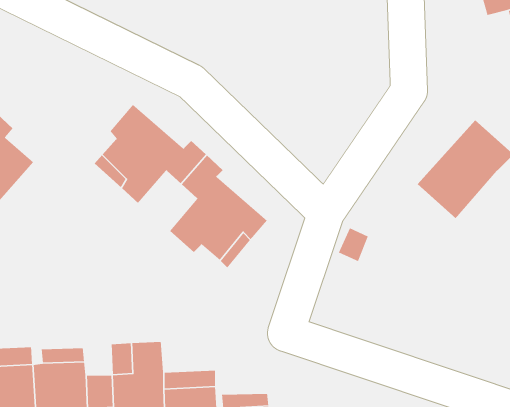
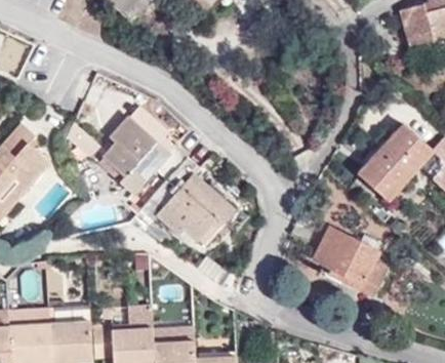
building: none -> [313,226,388,296]

